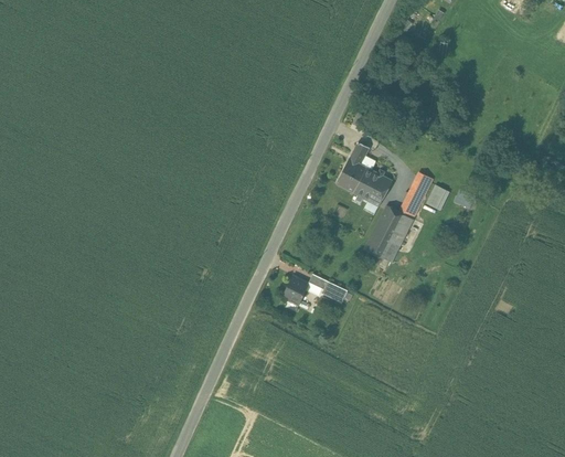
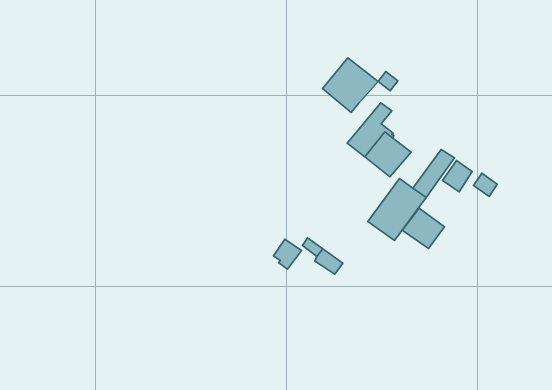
building: none -> [322,58,378,112]
building: none -> [402,208,444,249]

